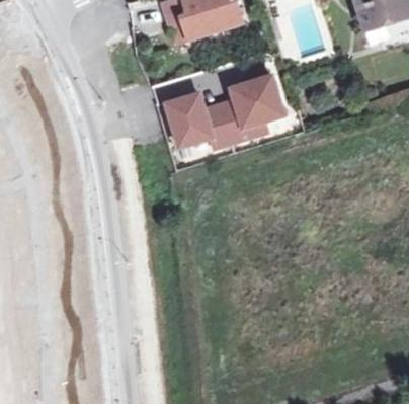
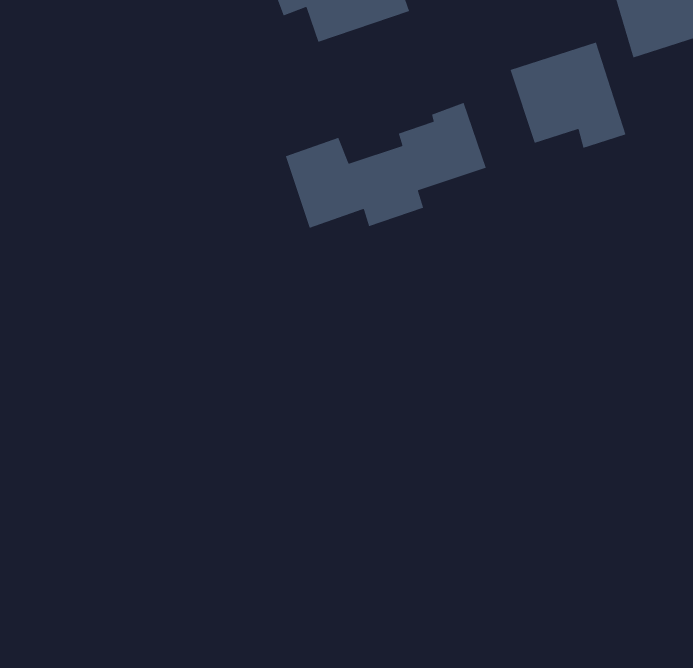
building: none -> [509,42,626,149]

